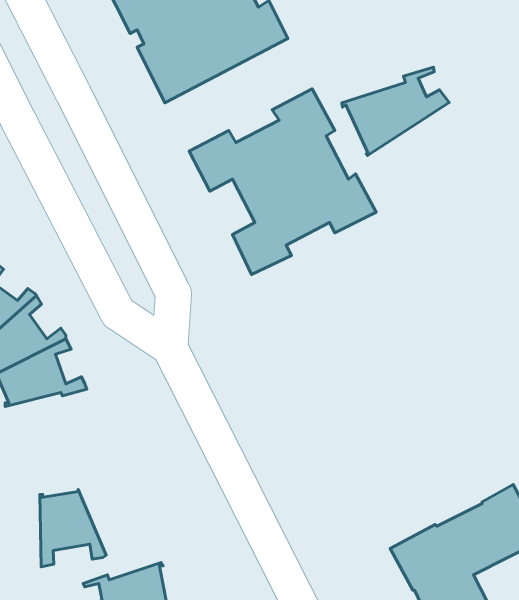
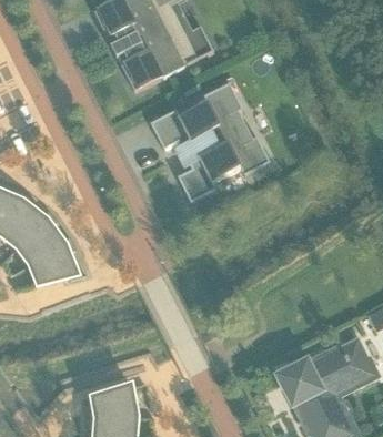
building: [342,67,449,156] -> none
building: [40,489,106,567] -> none

